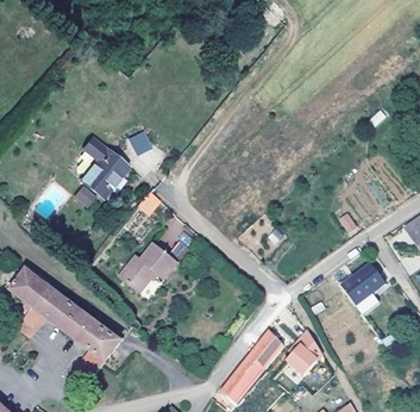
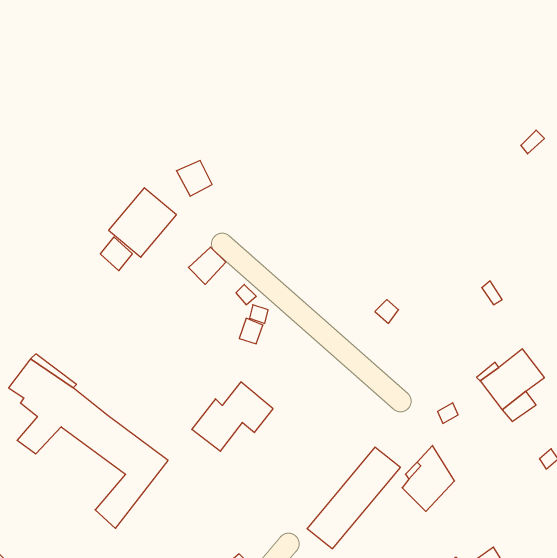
building: [119,243,176,292] -> [192,382,273,451]

